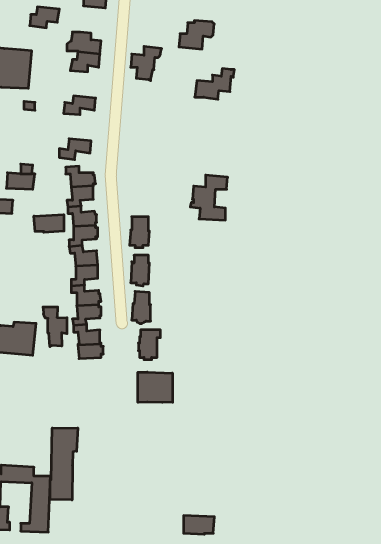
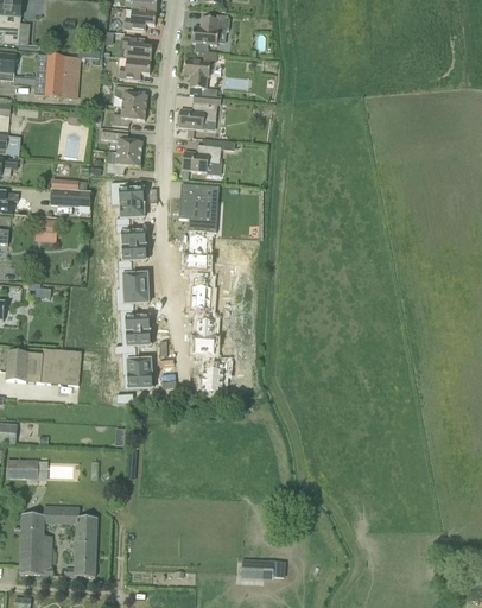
building: [30,7,59,28] -> [125,7,157,30]
building: [179,21,214,49] -> [192,13,230,44]
building: [195,69,234,99] -> [178,95,221,128]
building: none -> [113,84,147,107]
building: none -> [101,129,142,153]
building: none -> [183,144,221,170]
building: [190,175,228,220] -> [180,183,221,232]
building: [34,215,64,232] -> none
building: [43,307,67,347] -> none
building: [138,372,173,402] -> none
building: [50,428,78,500] -> none

